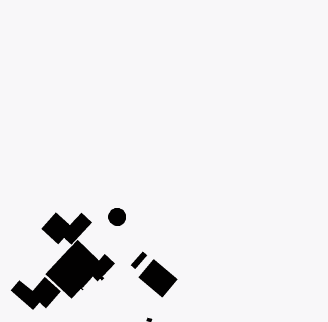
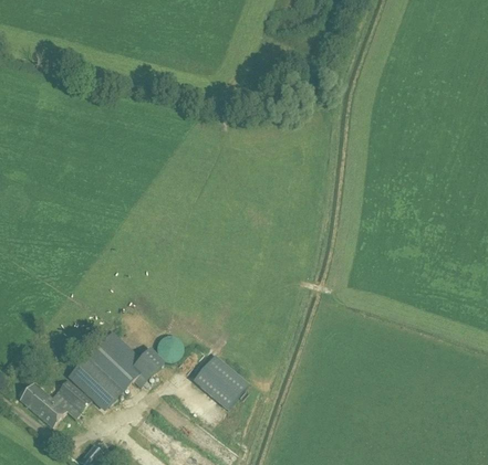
building: [107,207,127,227] -> [156,336,183,362]
building: [41,211,93,245] -> none

